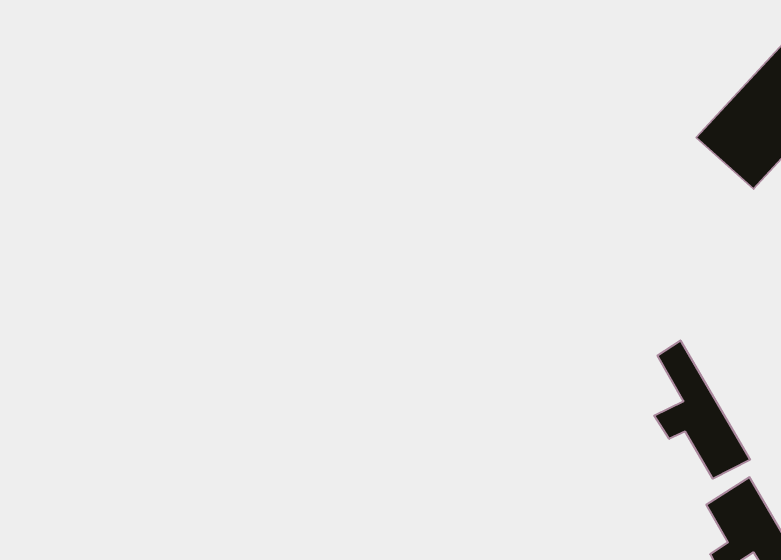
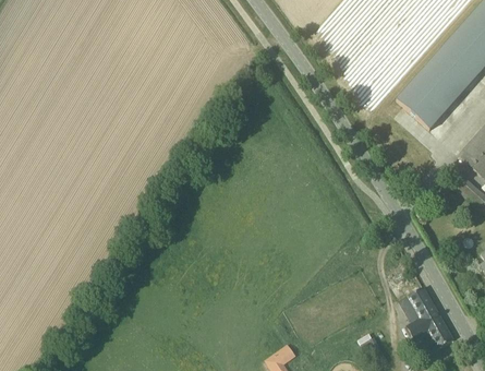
building: [654,340,750,479] -> none

